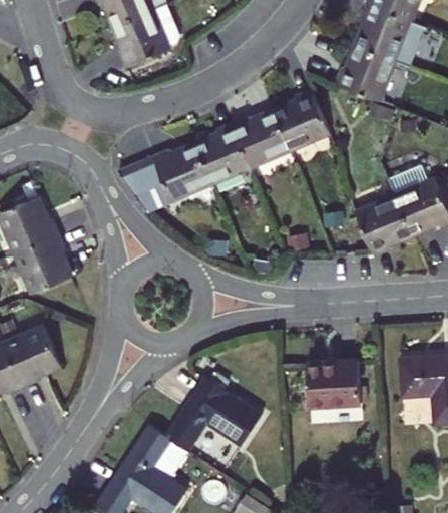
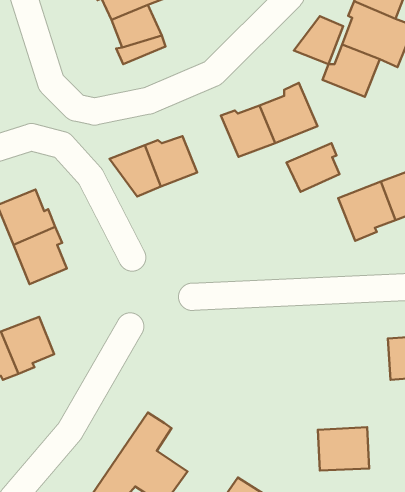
building: none -> [294,16,343,64]
building: [189,126,247,184] -> none
building: none -> [287,143,340,192]
building: [315,368,367,412] -> [318,427,369,470]
building: [171,379,266,455] -> none

